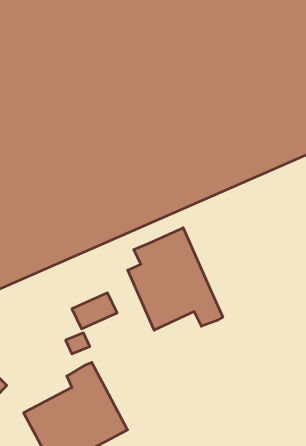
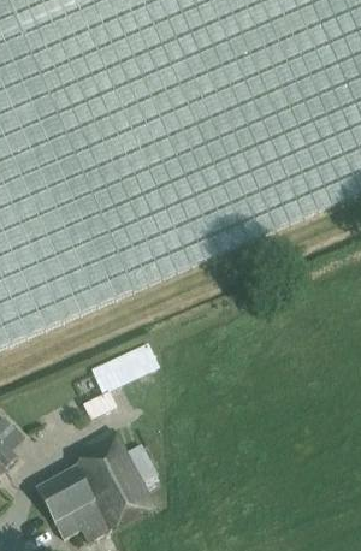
building: [128,228,223,330] -> none

